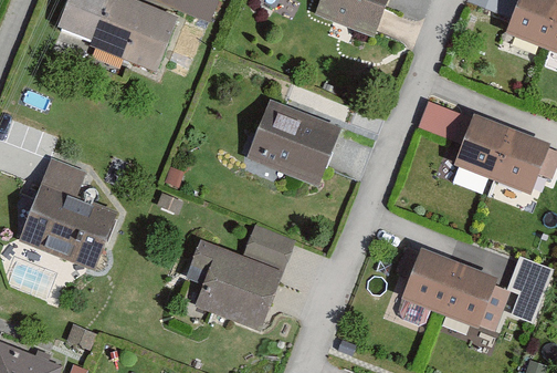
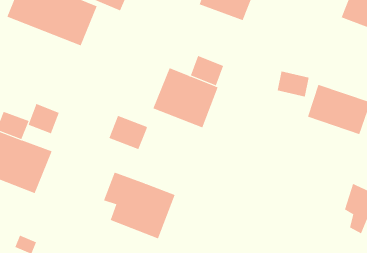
building: none -> [190,55,224,86]
building: none -> [28,103,59,134]
building: [242,224,295,270] -> [109,115,148,150]
building: [400,249,508,333] -> none

